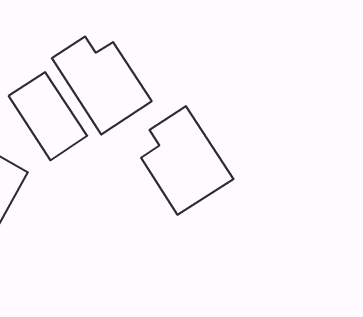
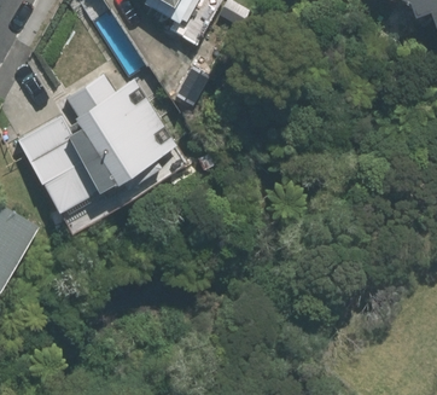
building: [141,106,233,215] -> none

